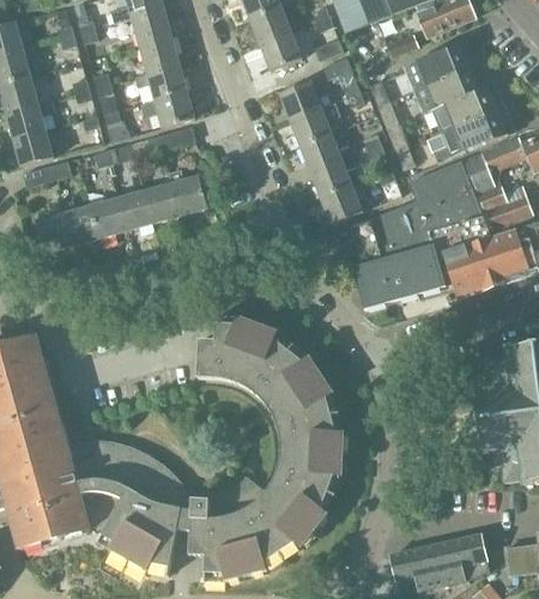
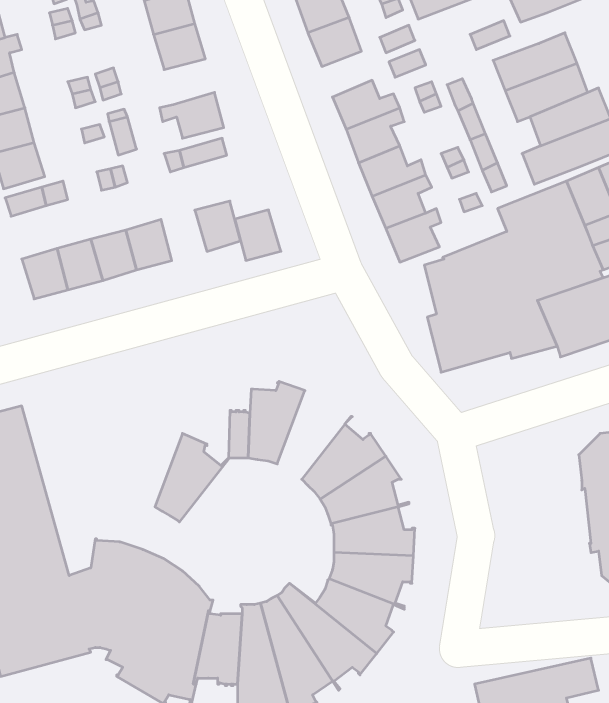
building: [135,63,186,99] -> none
building: [144,182,180,222] -> [235,210,281,260]
building: [235,323,292,393] -> [155,433,228,522]

